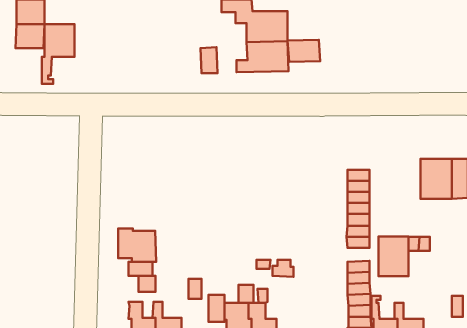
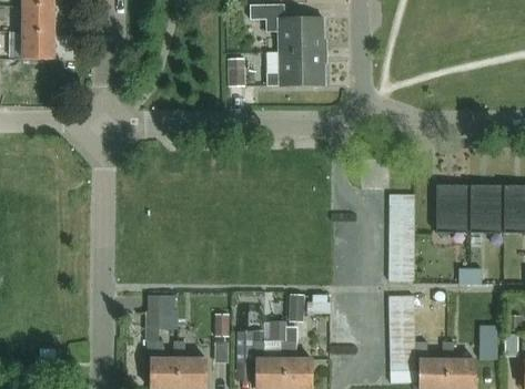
building: [42,24,74,84] -> none
building: [288,40,320,62] -> none
building: [118,228,156,262] -> none
building: [379,236,409,276] -> [437,182,471,226]
building: none -> [478,326,498,360]

